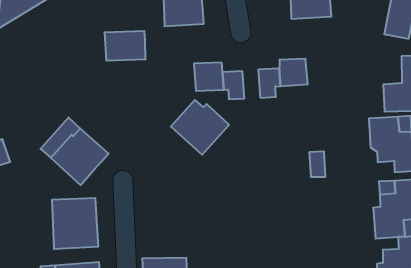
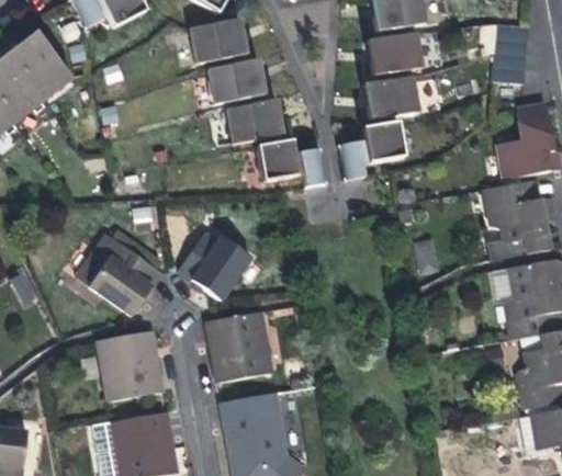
building: none -> [363,76,418,118]
building: [104,31,146,61] -> [225,100,281,143]
building: [171,100,229,155] -> [178,231,251,299]
building: none -> [206,311,272,381]

